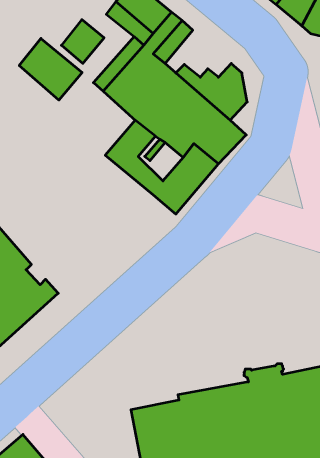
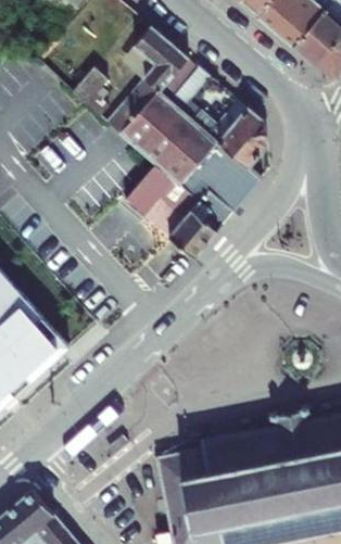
building: [19,38,82,100] -> none

